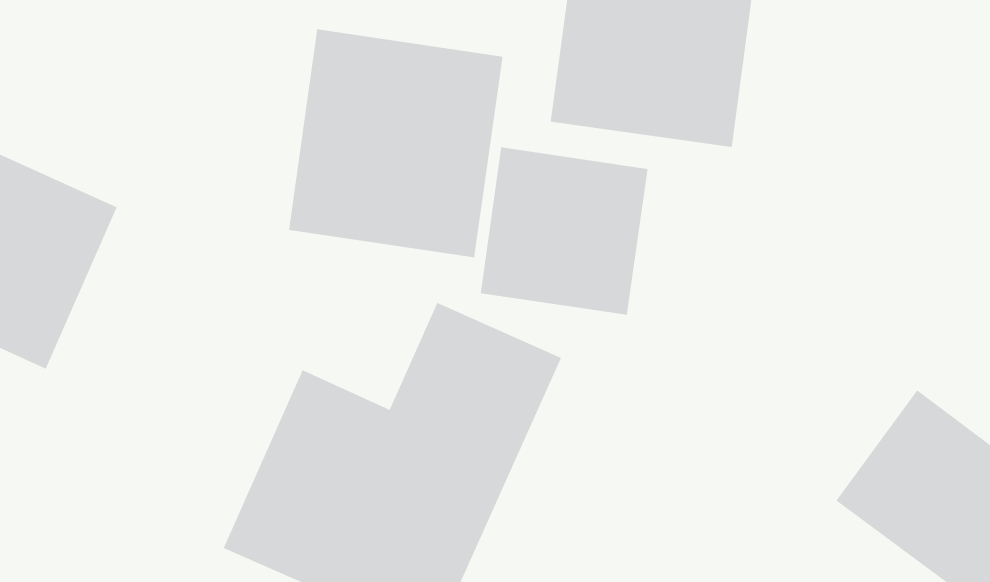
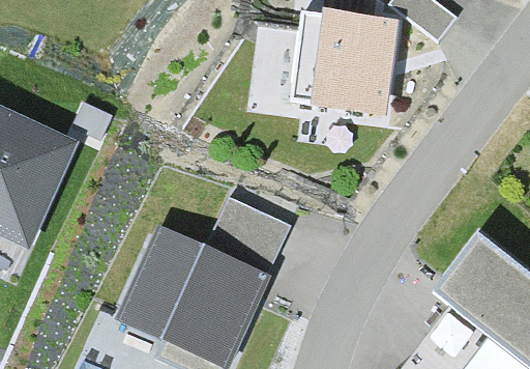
building: [288,28,503,258] -> none
building: [480,147,648,315] -> none

